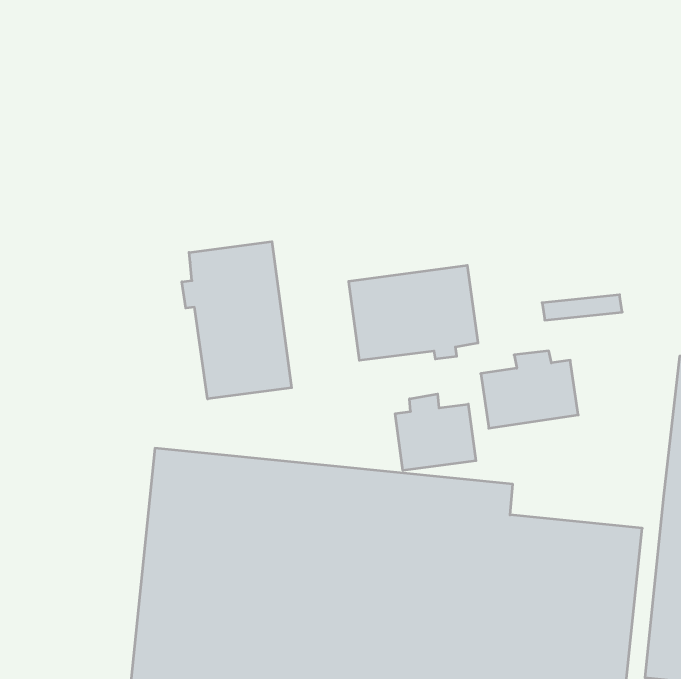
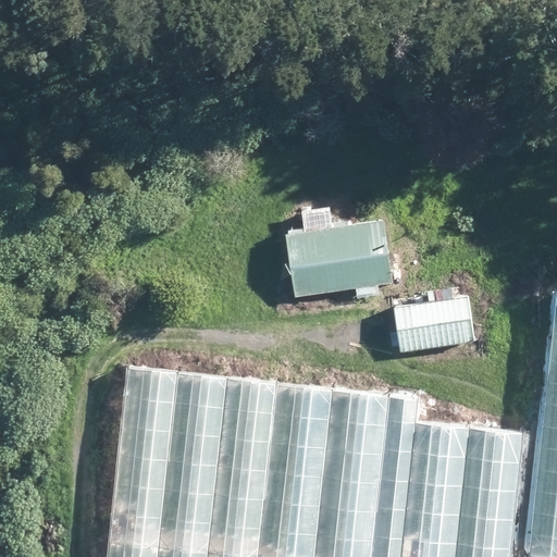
building: [182,242,292,399] -> none
building: [395,394,476,470] -> none

